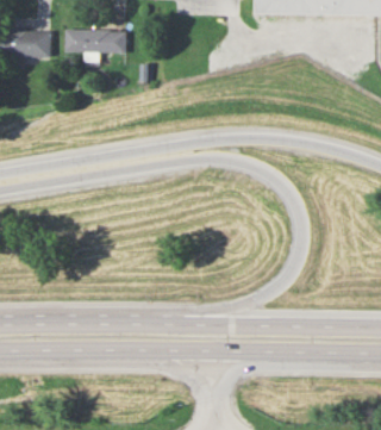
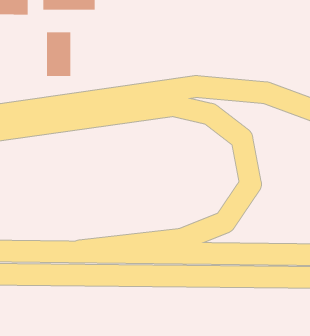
building: none -> [47,31,71,77]

